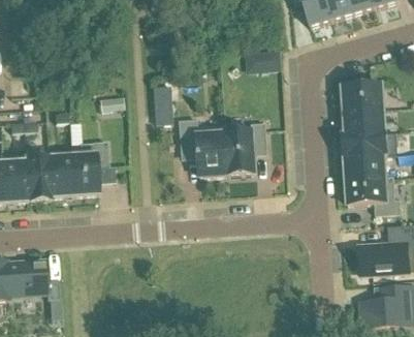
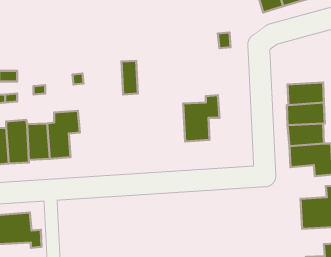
building: [341,83,383,110] -> none
building: [178,119,226,177] -> none

